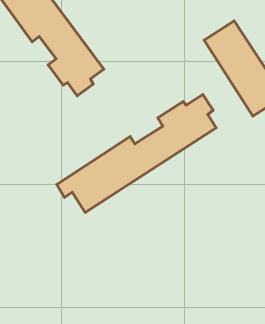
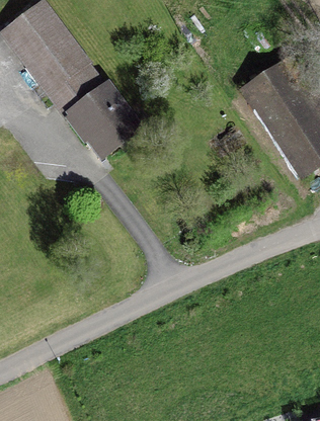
building: [57,95,216,212] -> none

